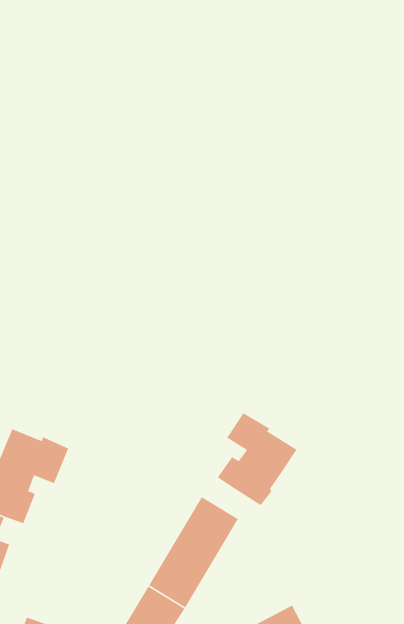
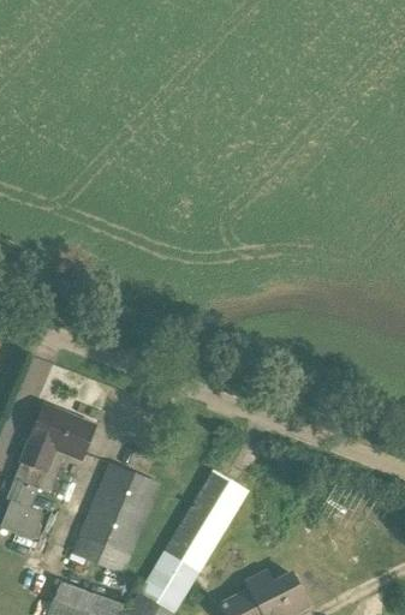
building: [217,412,297,506] -> none
building: none -> [73,465,157,575]

